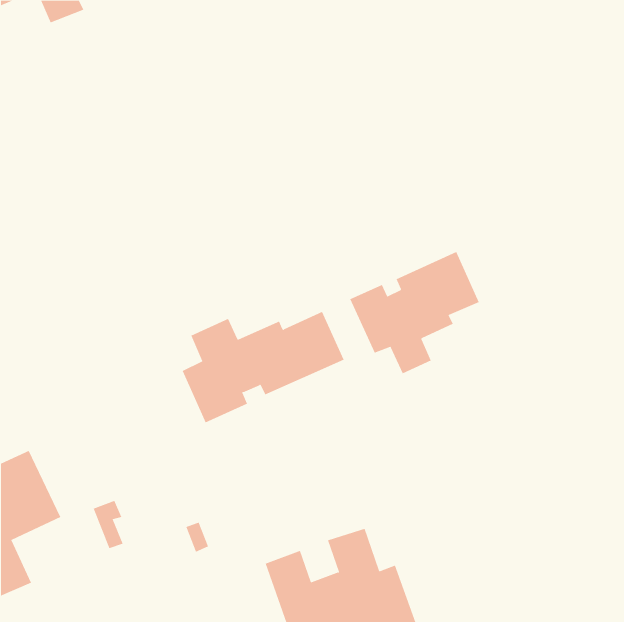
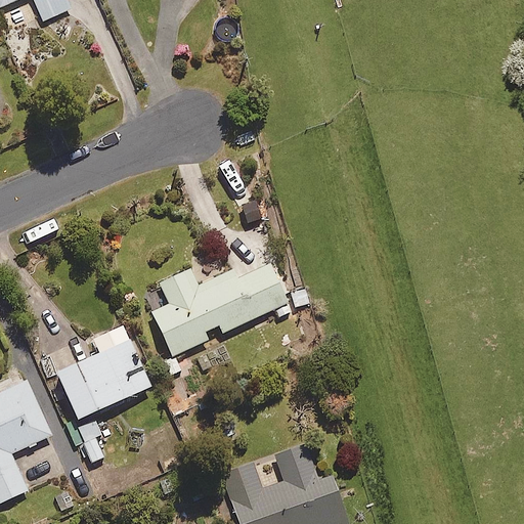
building: [349,251,480,374] -> none
building: none -> [56,326,150,418]

